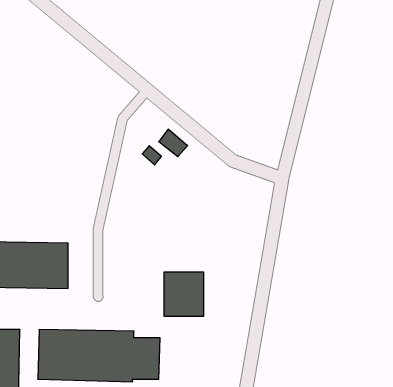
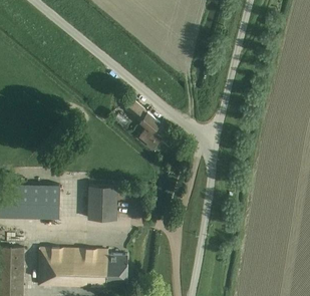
building: none -> [138,113,161,149]
building: [164,272,204,316] -> [87,187,116,219]

